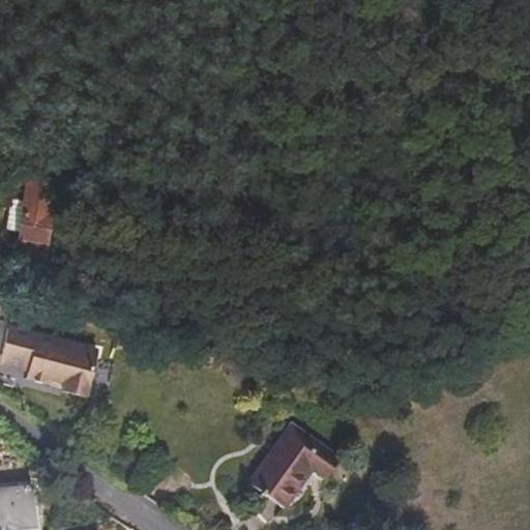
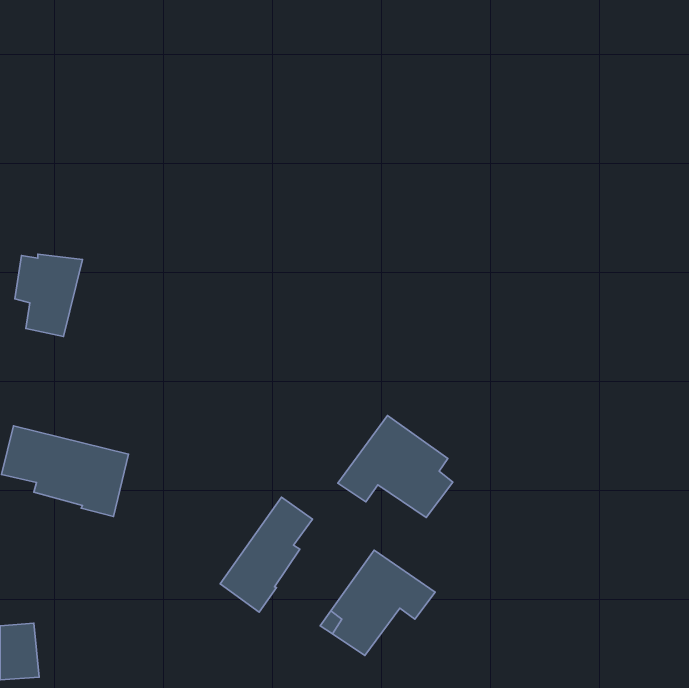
building: none -> [338,415,453,518]
building: none -> [220,497,313,612]

